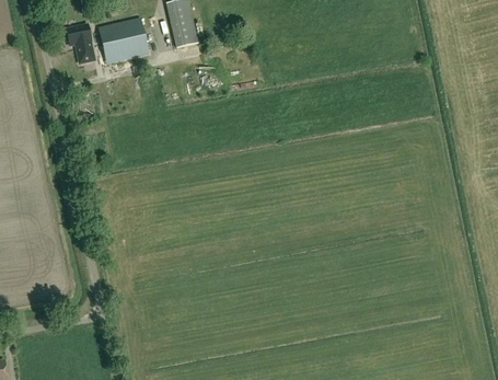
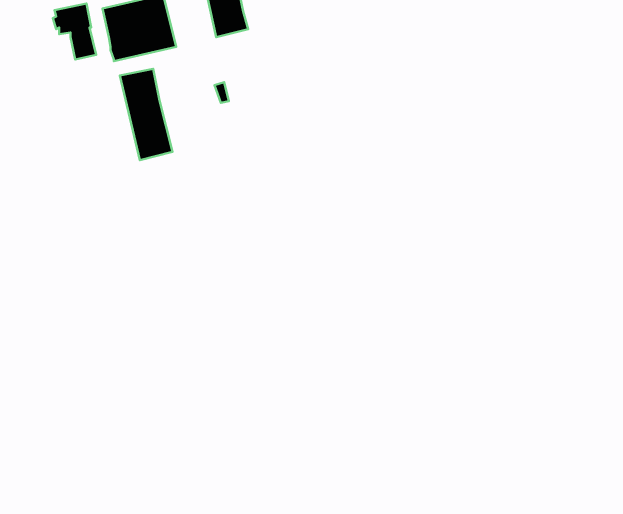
building: none -> [120,69,172,160]

